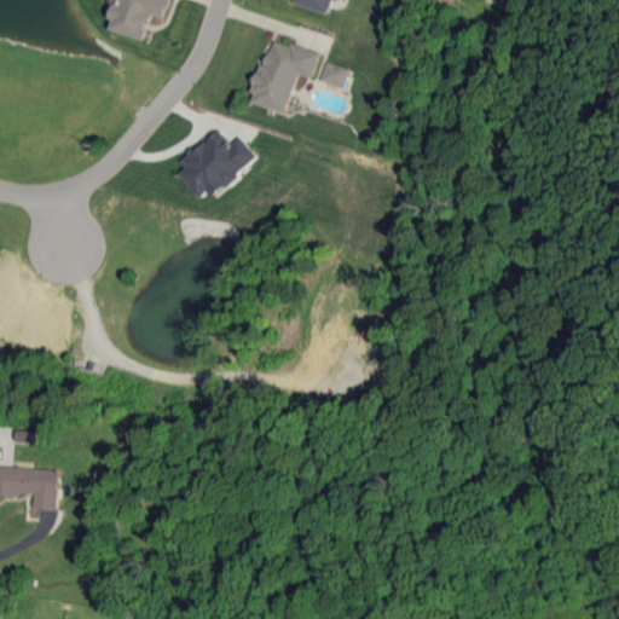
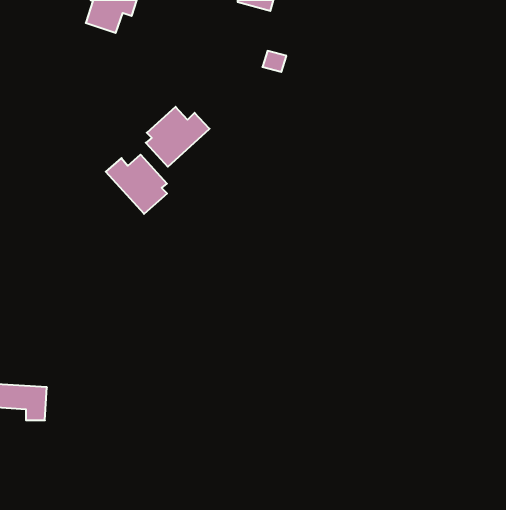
building: [249,39,317,112] -> none
building: none -> [106,155,167,214]

